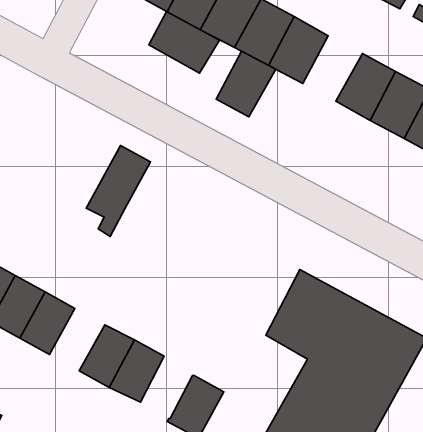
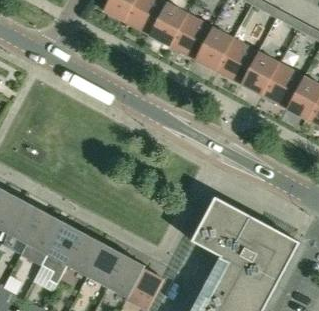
building: [149,11,219,73] -> none
building: [216,51,276,117] -> [216,39,256,83]
building: [86,145,150,236] -> [40,222,83,283]
building: none -> [107,254,144,296]

